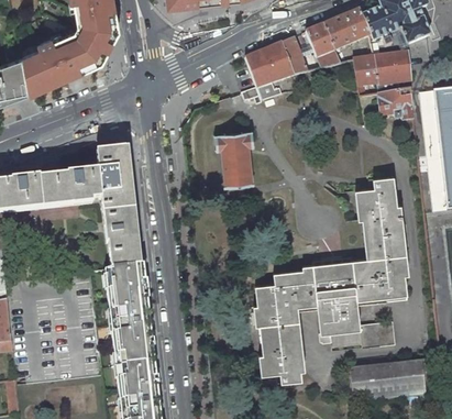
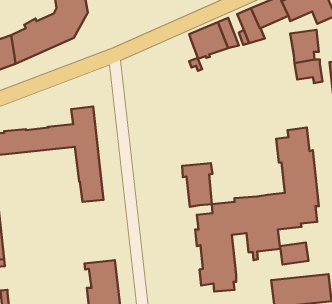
building: [353,56,377,86] -> none
building: [216,131,254,186] -> [182,163,213,207]
building: [107,265,152,346] -> none

